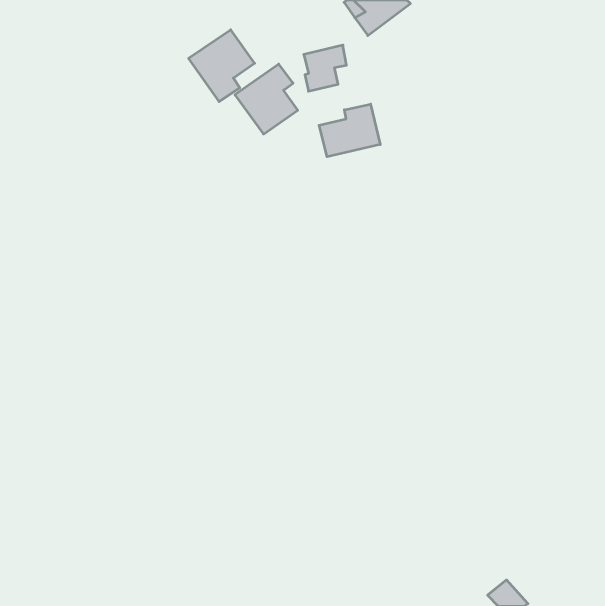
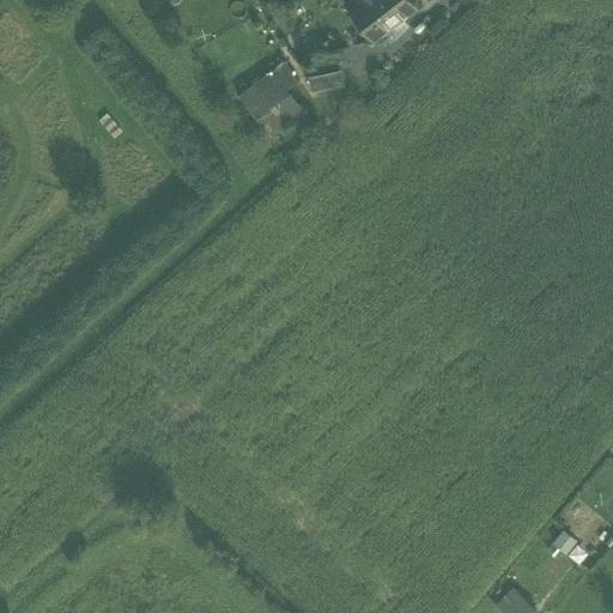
building: [189,30,255,102] -> none
building: [319,104,380,157] -> none

